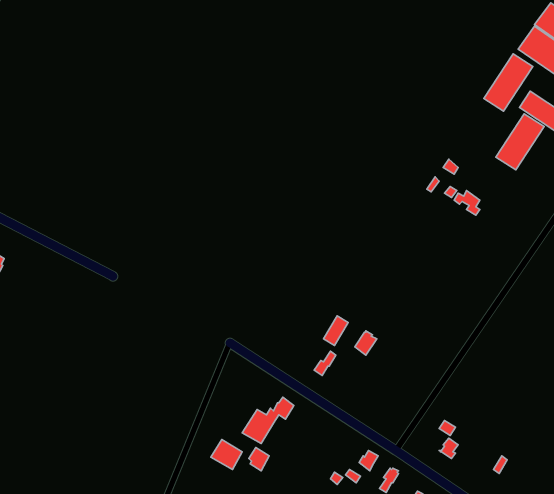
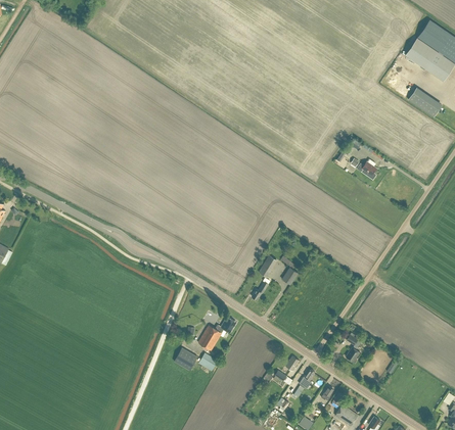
building: [484,54,533,111] -> none
building: [496,114,544,170] -> none

